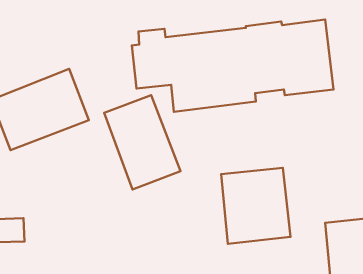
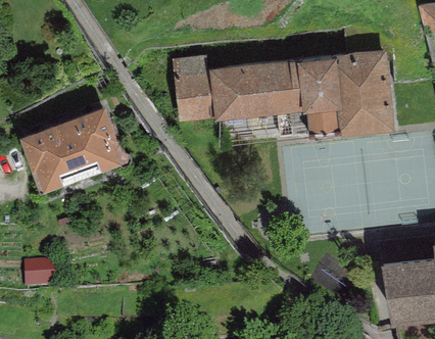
building: [104,95,180,189] -> none
building: [221,168,290,244] -> none

